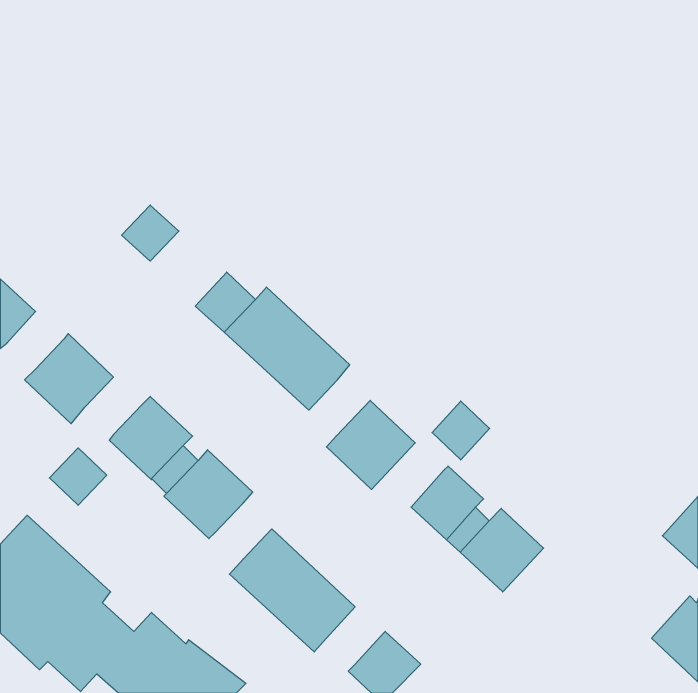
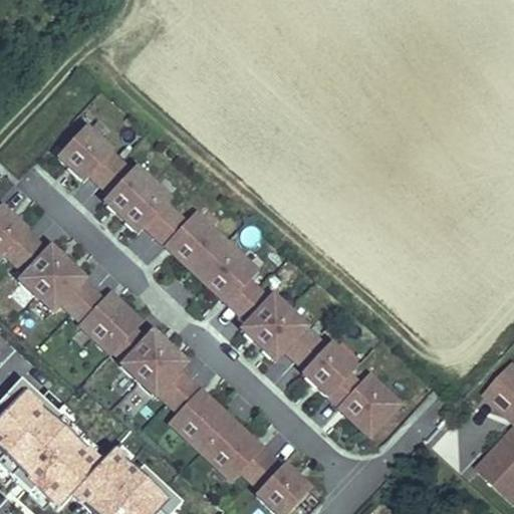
building: none -> [57,126,110,180]
building: none -> [103,166,169,232]
building: none -> [5,229,47,271]
building: none -> [227,279,268,320]
building: [432,401,490,460] -> [284,325,326,368]
building: [49,448,107,505] -> [62,277,104,319]
building: none -> [158,369,200,411]
building: none -> [240,446,282,488]

